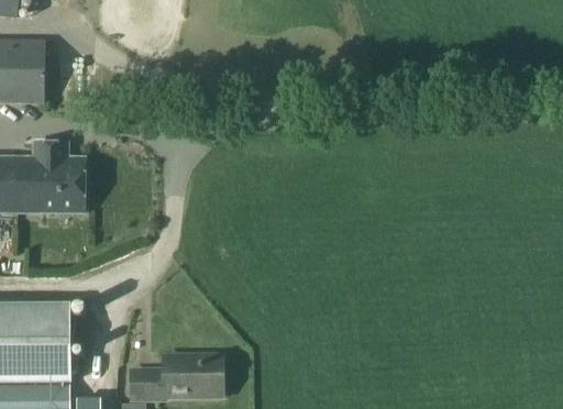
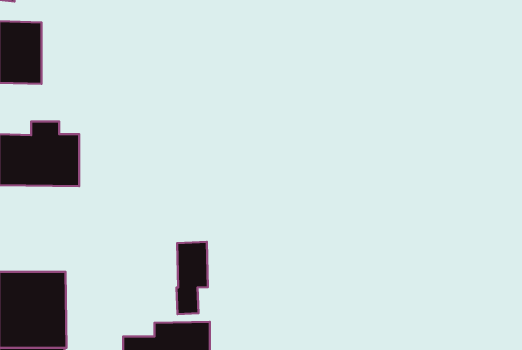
building: none -> [177,242,208,314]

